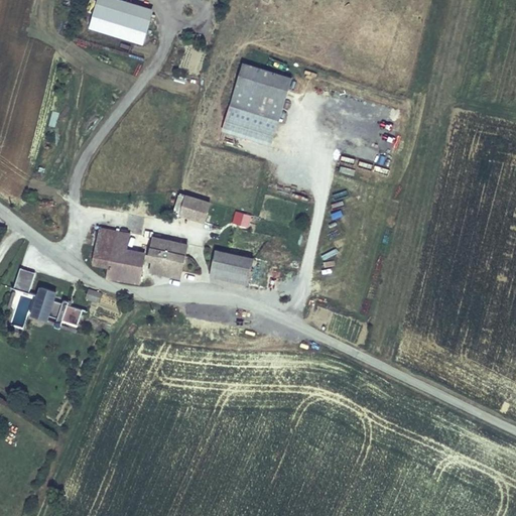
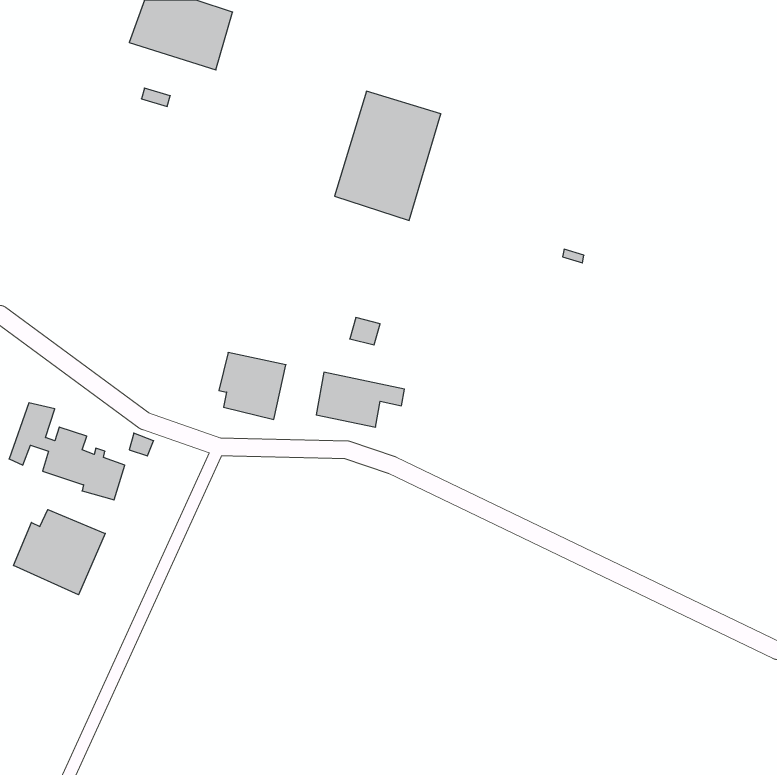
building: [172,191,211,223] -> none
building: [92,227,146,284] -> none
building: none -> [14,510,105,595]

